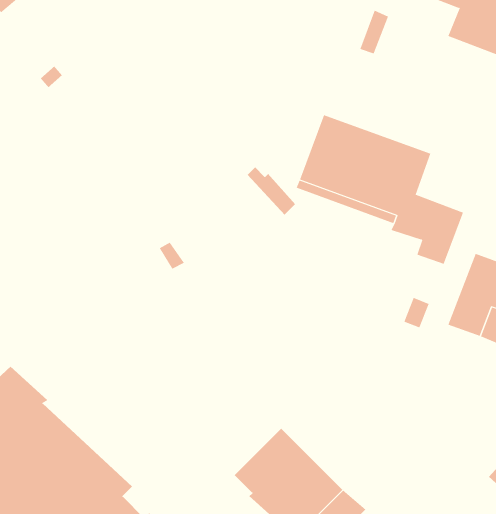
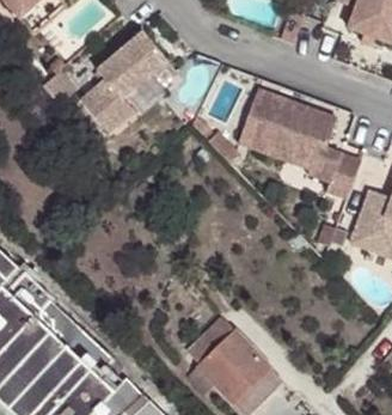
building: none -> [79,32,165,133]

